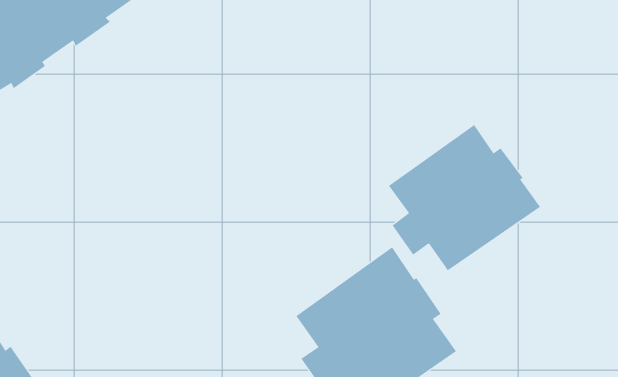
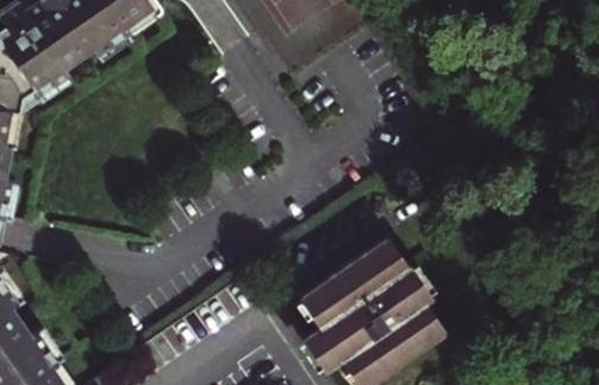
building: [388,124,541,271] -> none

